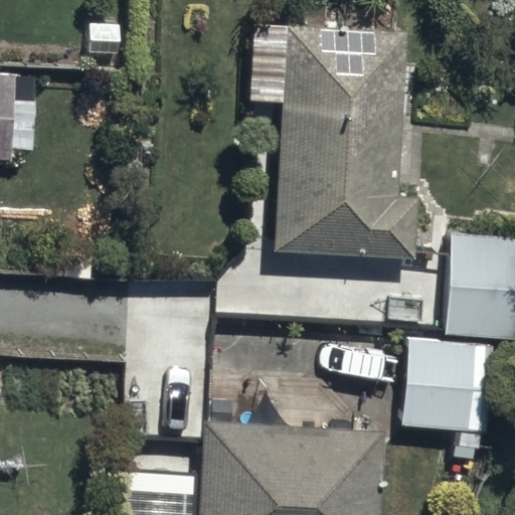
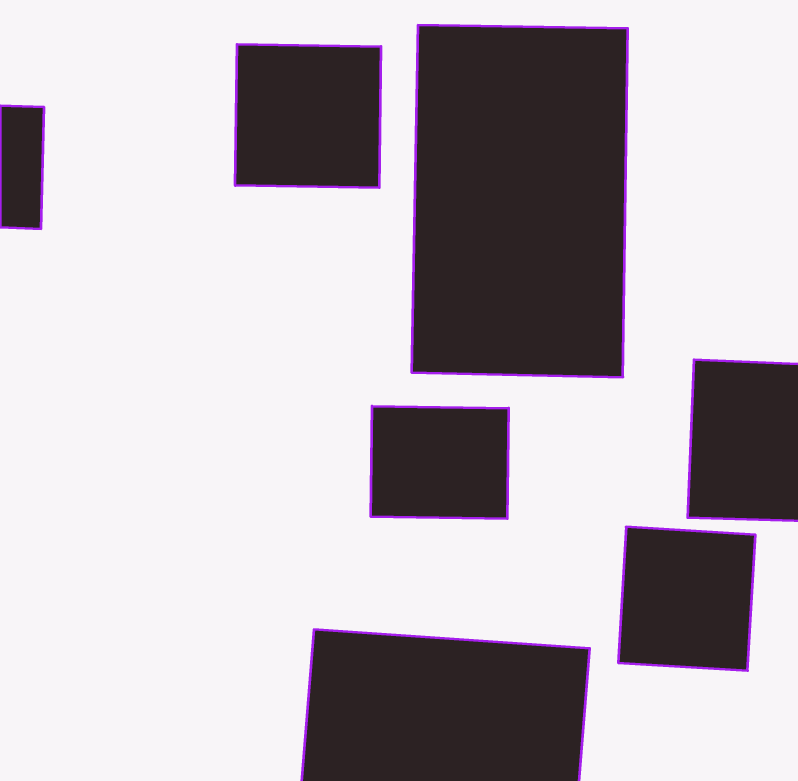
building: none -> [235,44,381,188]
building: none -> [371,406,509,519]

